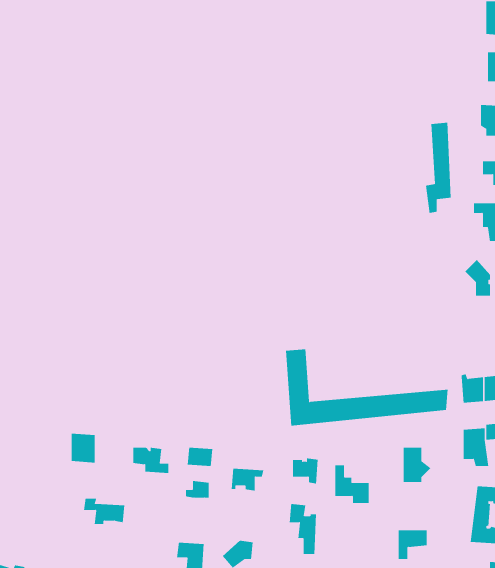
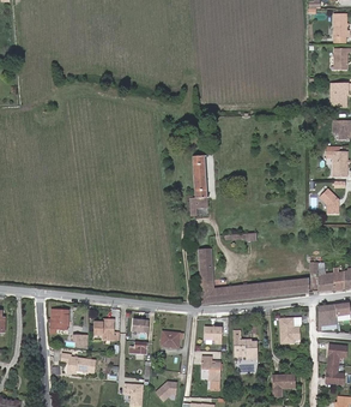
building: [425,122,452,214] -> [189,157,207,220]

